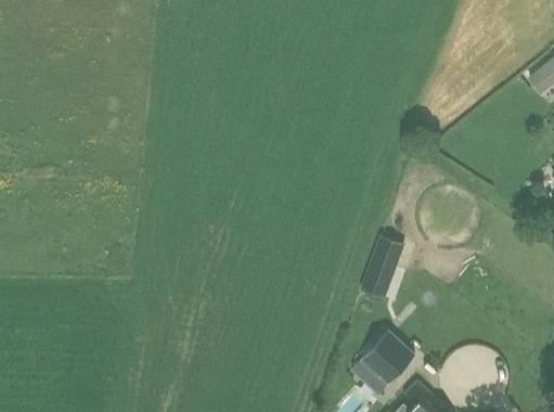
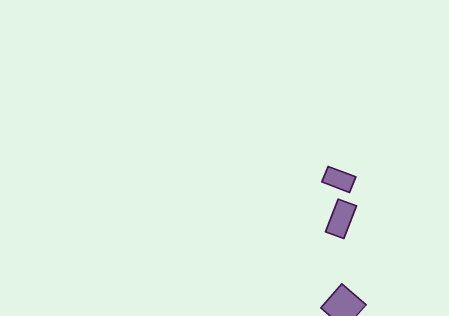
building: none -> [322,166,356,192]

